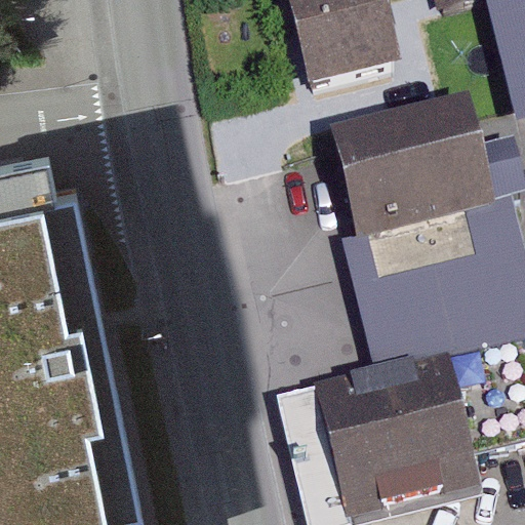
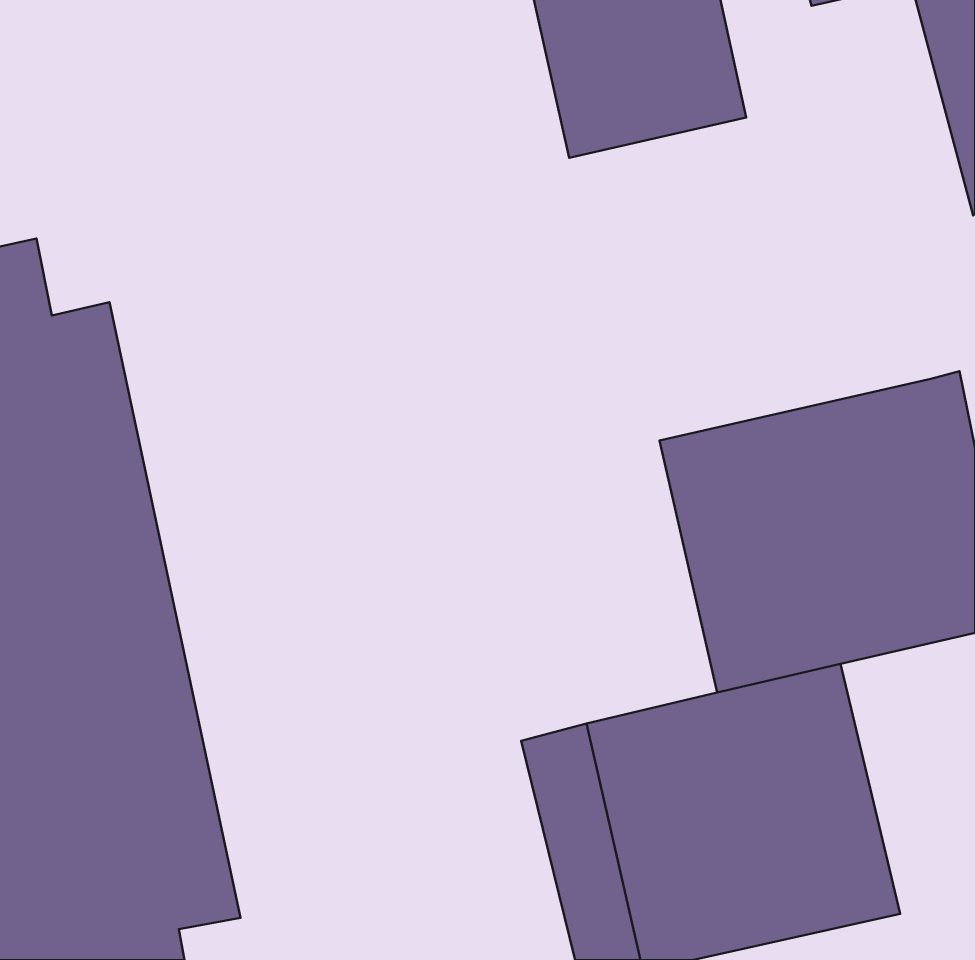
building: [326,96,496,235] -> none

